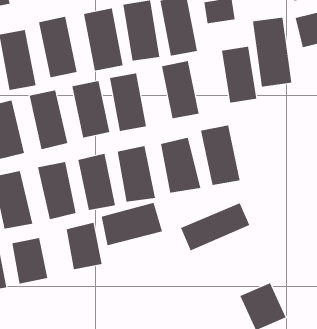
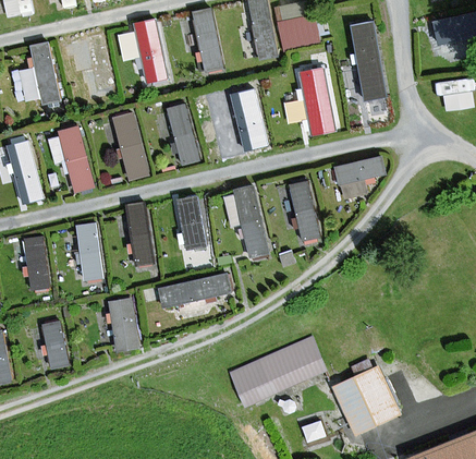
building: none -> [322,150,391,192]
building: [180,203,250,251] -> [225,342,317,406]

